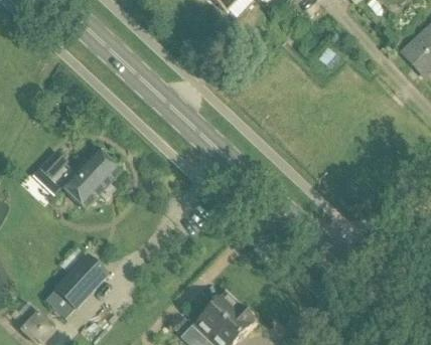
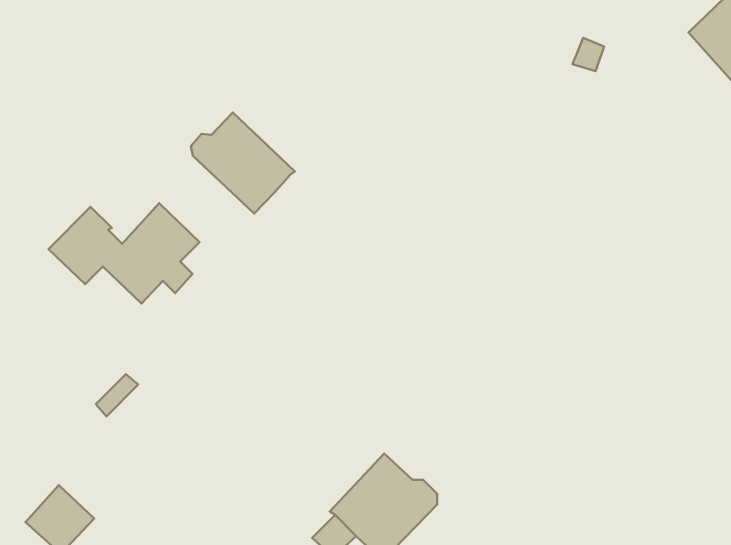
building: none -> [191,112,295,214]
building: [45,254,109,319] -> none

